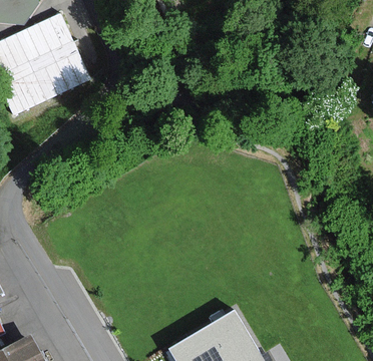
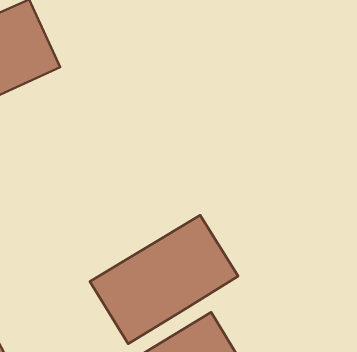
building: none -> [90,215,238,344]

